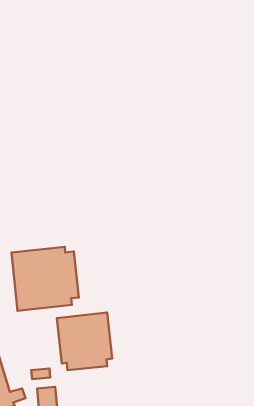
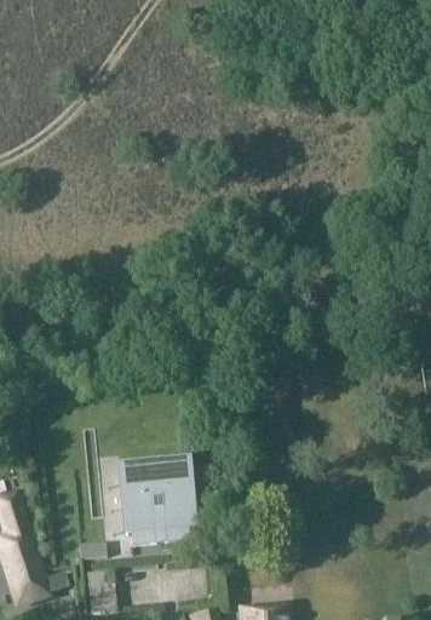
building: [12,247,79,311] -> none

